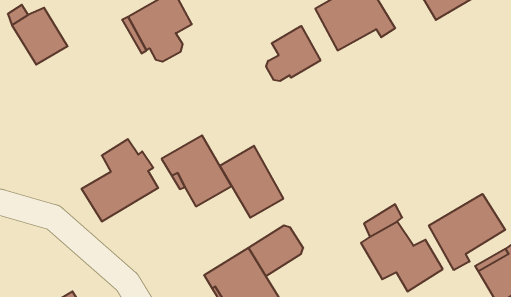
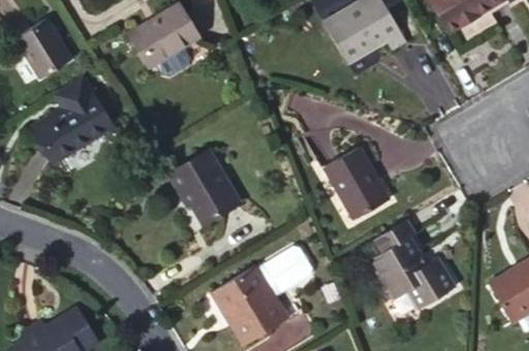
building: [266,26,320,81] -> none
building: [81,139,158,221] -> [34,77,113,161]
building: [220,146,283,218] -> [324,148,390,221]
building: [429,194,505,270] -> none

